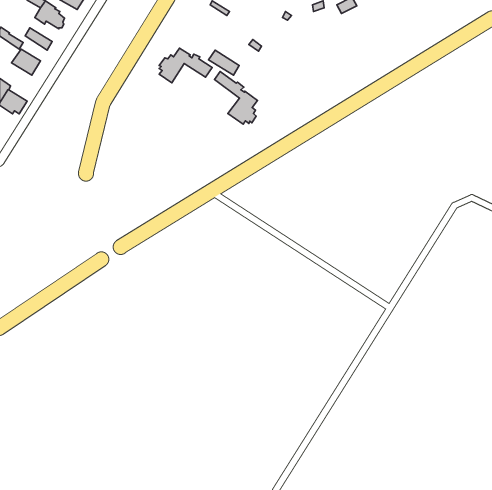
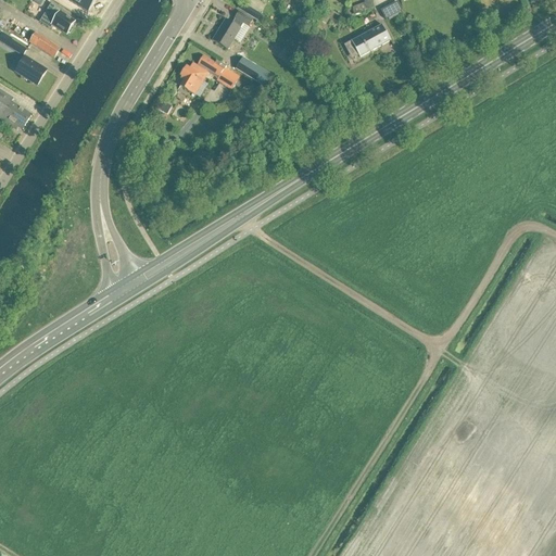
building: none -> [211,10,251,48]
building: none -> [351,24,390,56]
building: [215,71,257,124] -> none

